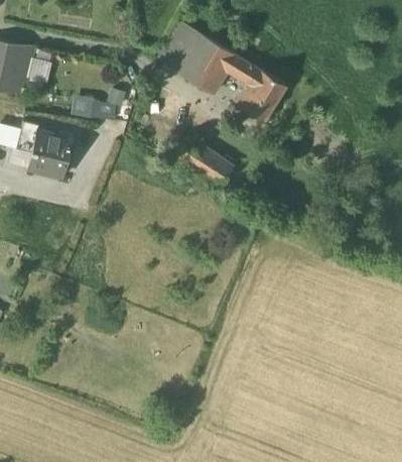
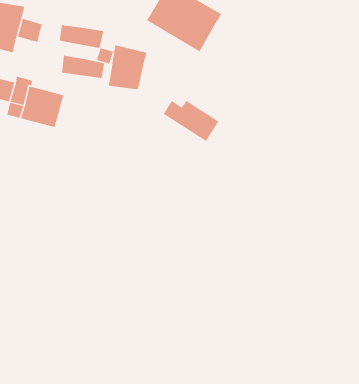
building: [226,54,284,120] -> none
building: none -> [59,24,104,49]
building: none -> [108,44,147,90]

